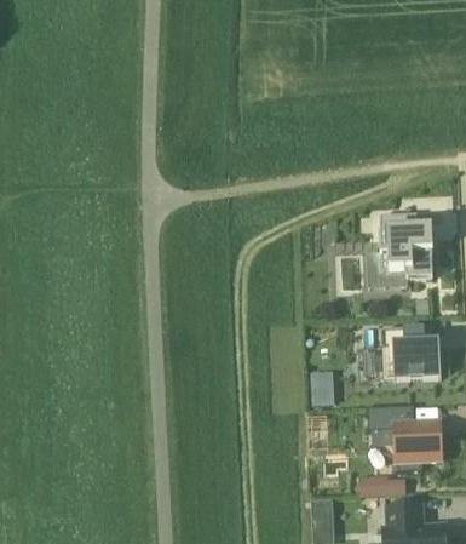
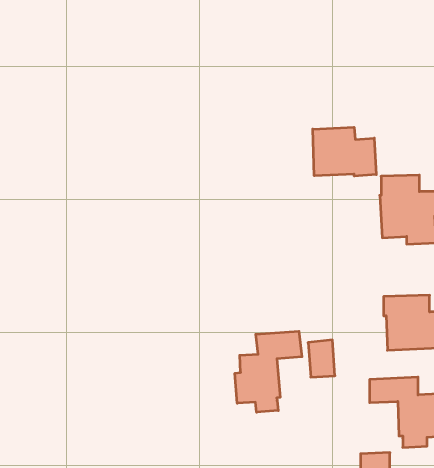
building: none -> [313,127,376,176]
building: none -> [235,331,302,412]

